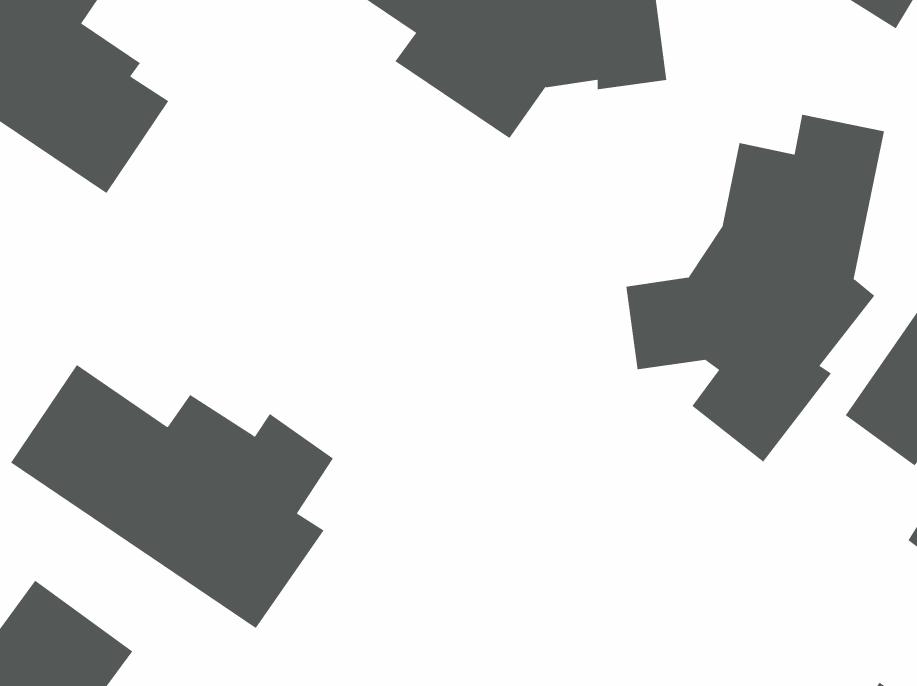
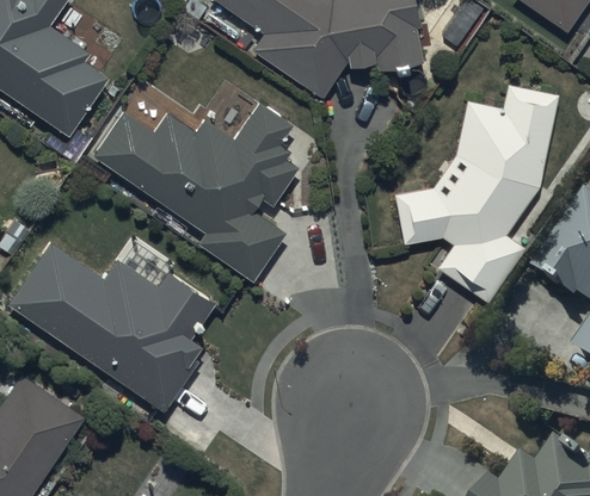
building: none -> [93,101,294,279]

